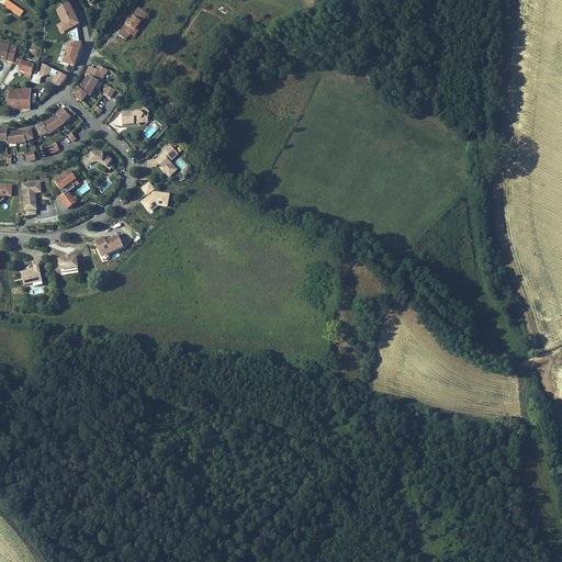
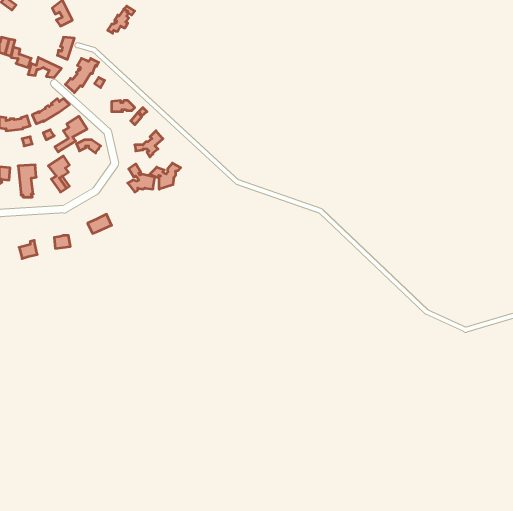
building: [5,87,31,108] -> none
building: none -> [55,116,87,152]
building: none -> [149,163,181,189]

